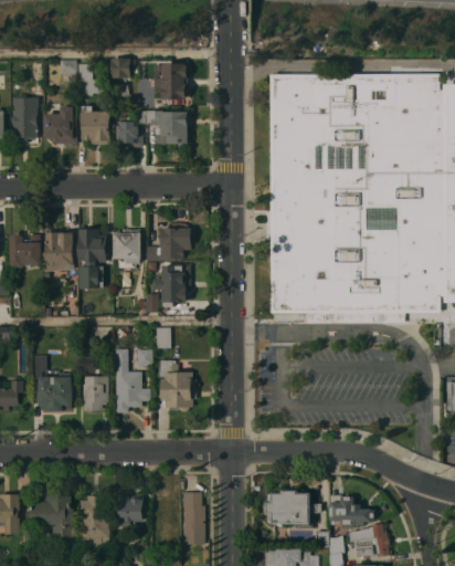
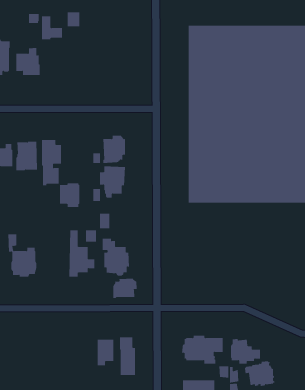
building: [152,63,187,99] -> none
building: [80,106,109,145] -> none
building: [115,111,189,147] -> none
building: [113,230,140,263] -> [59,183,80,208]
building: [82,376,107,411] -> none
building: none -> [113,278,137,299]
building: [29,495,73,537] -> none
building: [78,495,112,546] -> none
building: [118,495,141,525] -> none

